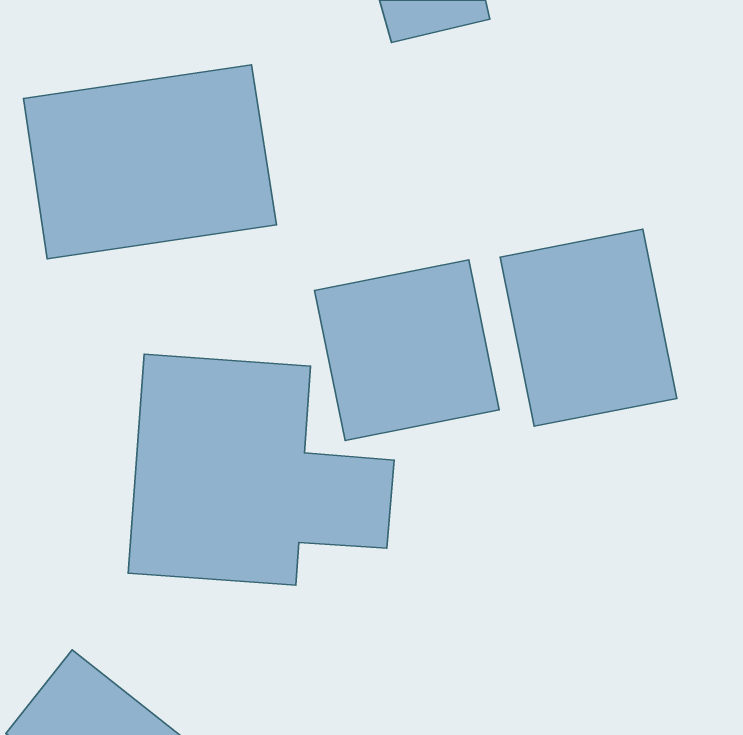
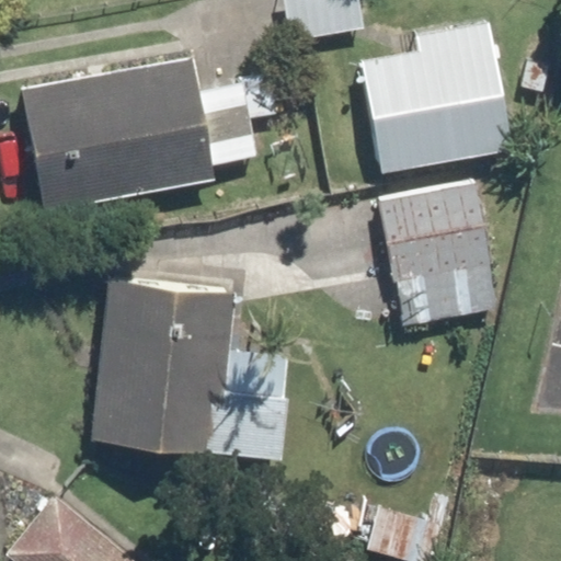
building: none -> [358,20,519,178]
building: [314,260,499,441] -> none

